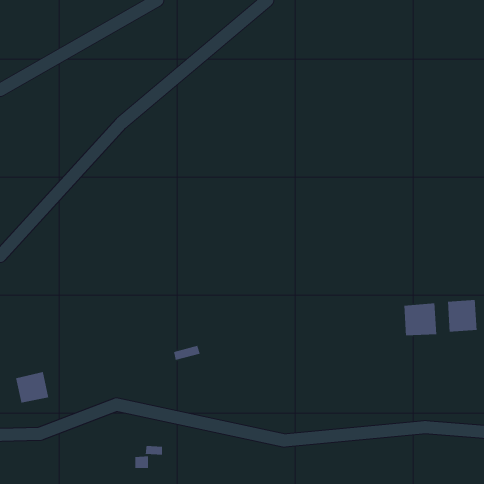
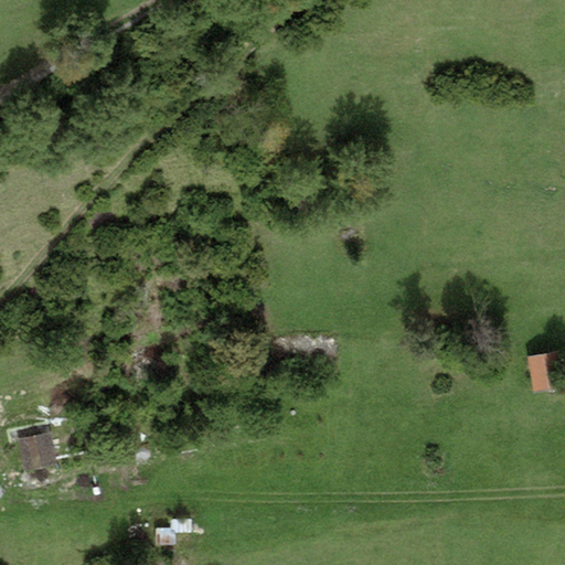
building: [404,303,437,336] -> none

